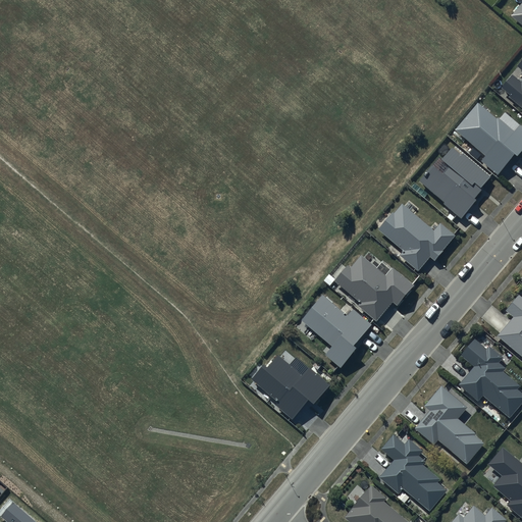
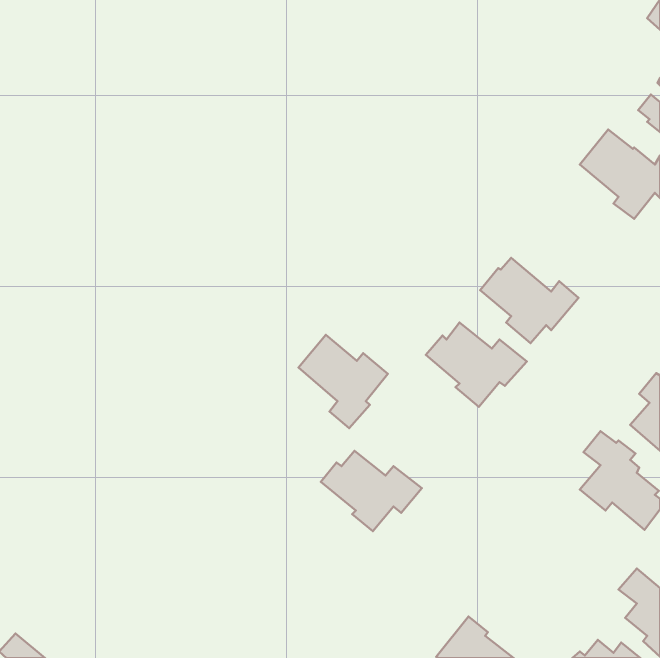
building: [420,147,490,218] -> none
building: [302,294,372,367] -> [299,335,388,428]
building: [414,385,482,463] -> none
building: [378,434,445,510] -> none

